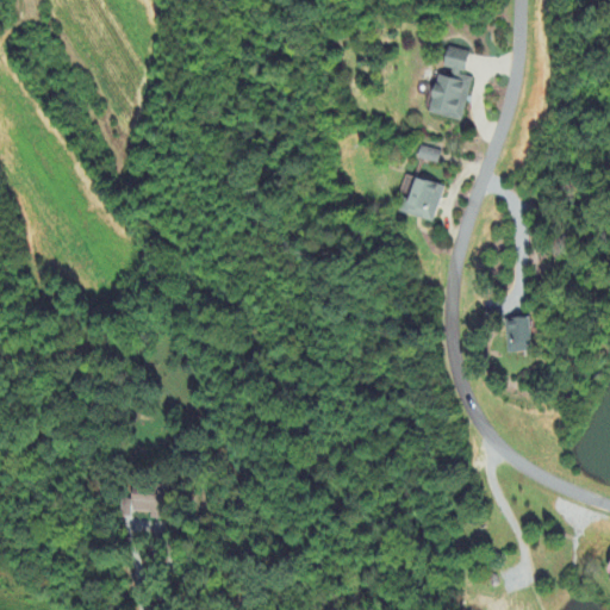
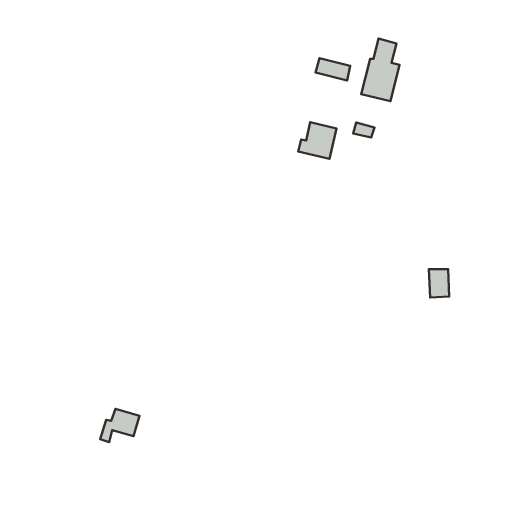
building: none -> [315,58,350,80]
building: [398,178,443,220] -> [298,122,337,159]

